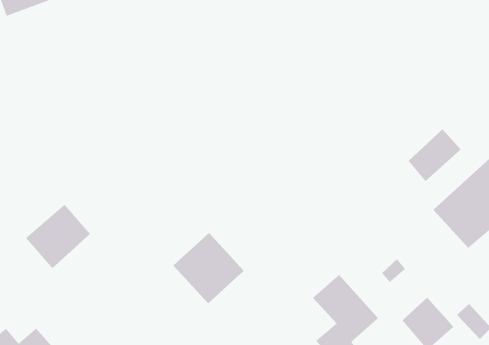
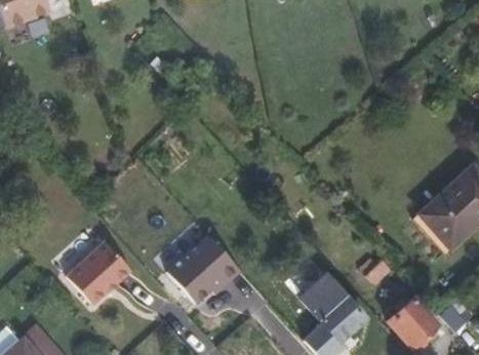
building: [408,129,462,182] -> none
building: [25,204,91,269] -> [67,242,129,305]

